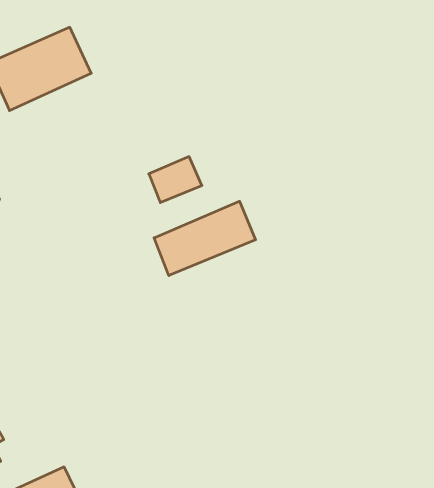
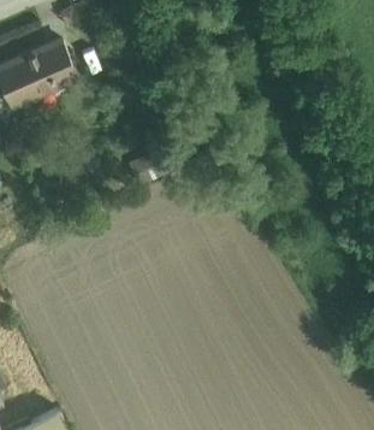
building: [154,201,256,276] -> none

